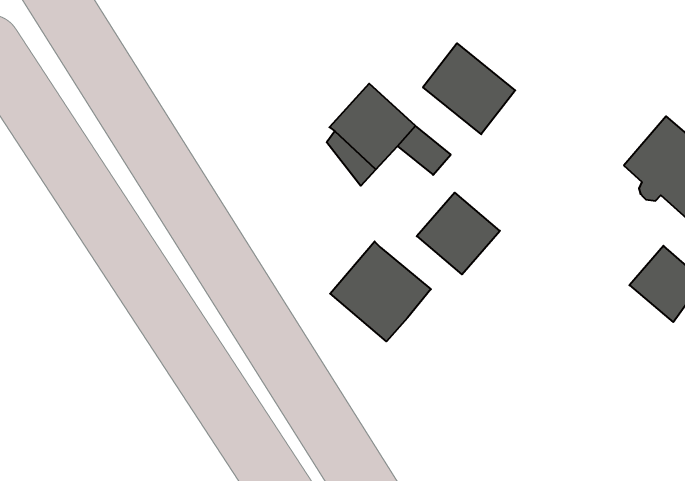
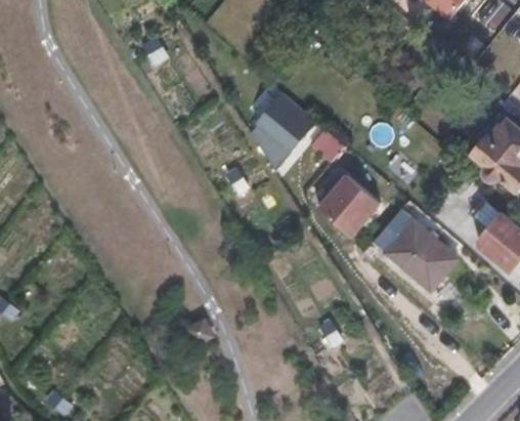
building: [423,43,515,134] -> none
building: [330,241,431,341] -> none
building: none -> [385,221,457,290]

